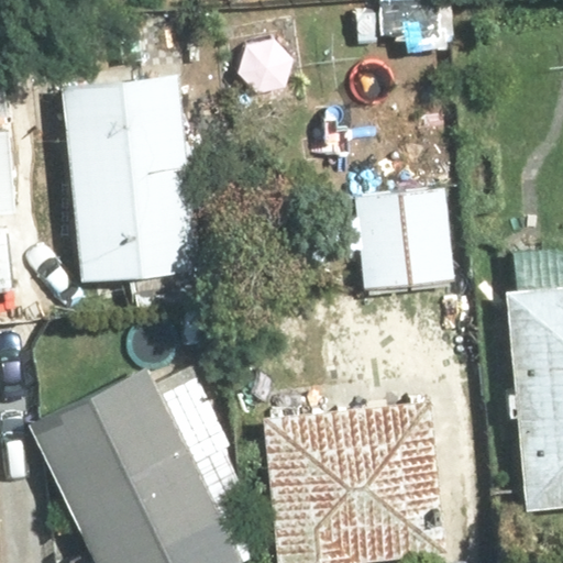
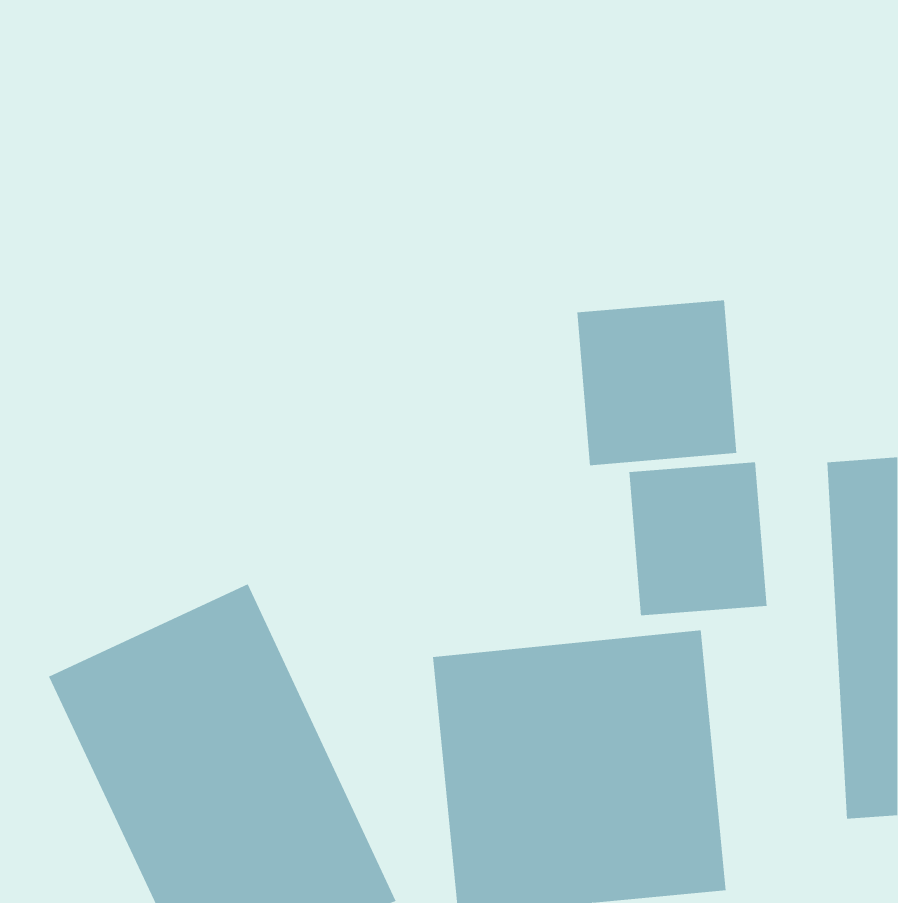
building: [62,75,198,286] -> none
building: none -> [629,462,767,616]

